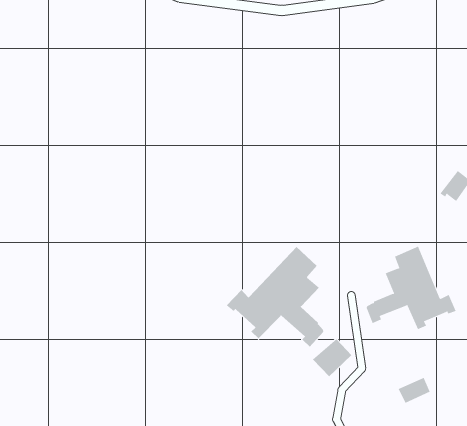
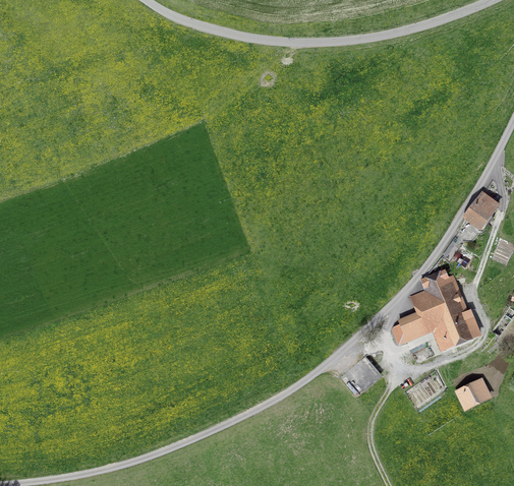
building: [226,246,324,347] -> none
building: [398,377,430,403] -> [456,381,488,407]

